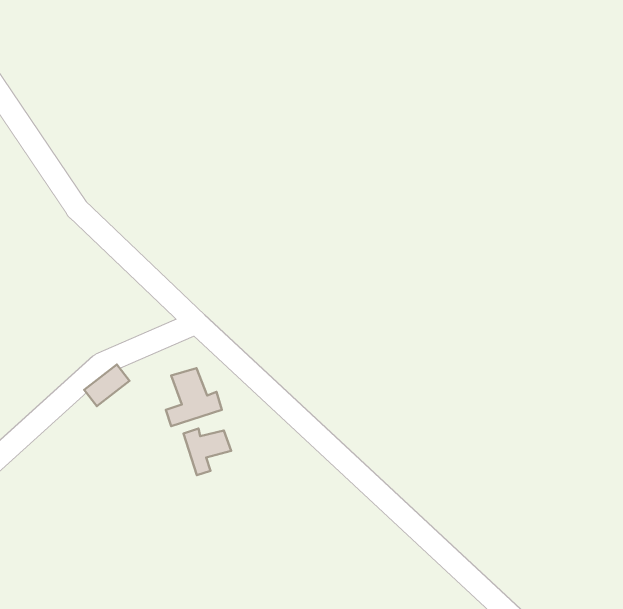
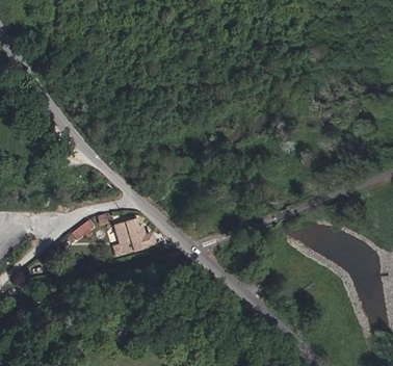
building: [184,428,231,475] -> none

